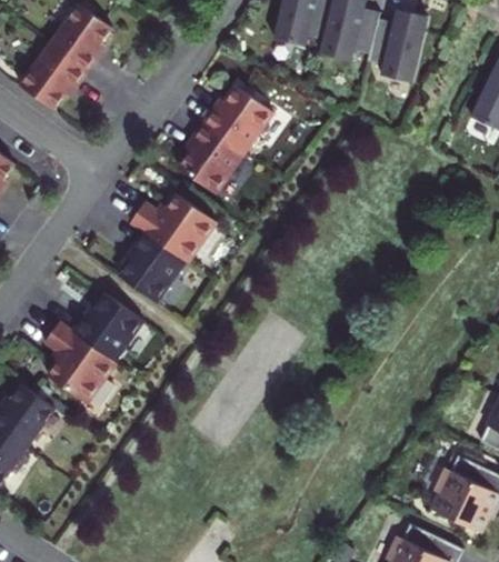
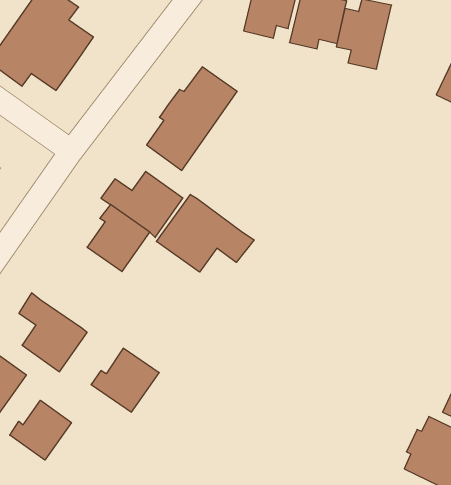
building: none -> [156,194,254,272]
building: [67,290,138,357] -> [91,348,159,412]
building: none -> [10,400,71,460]

